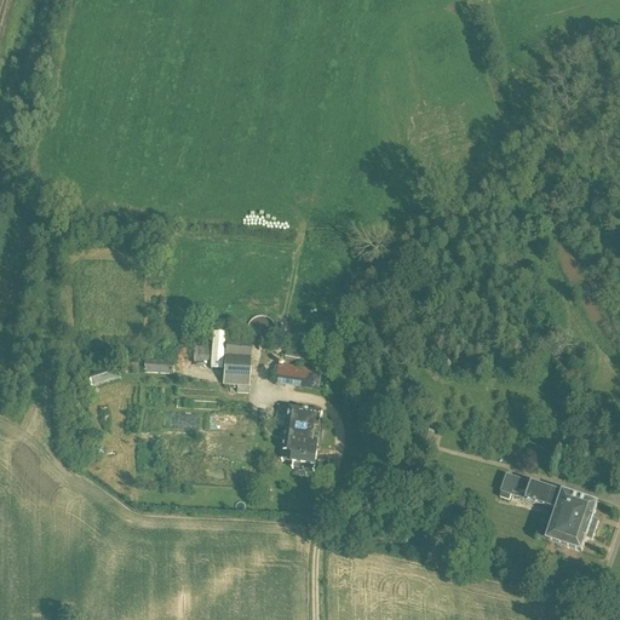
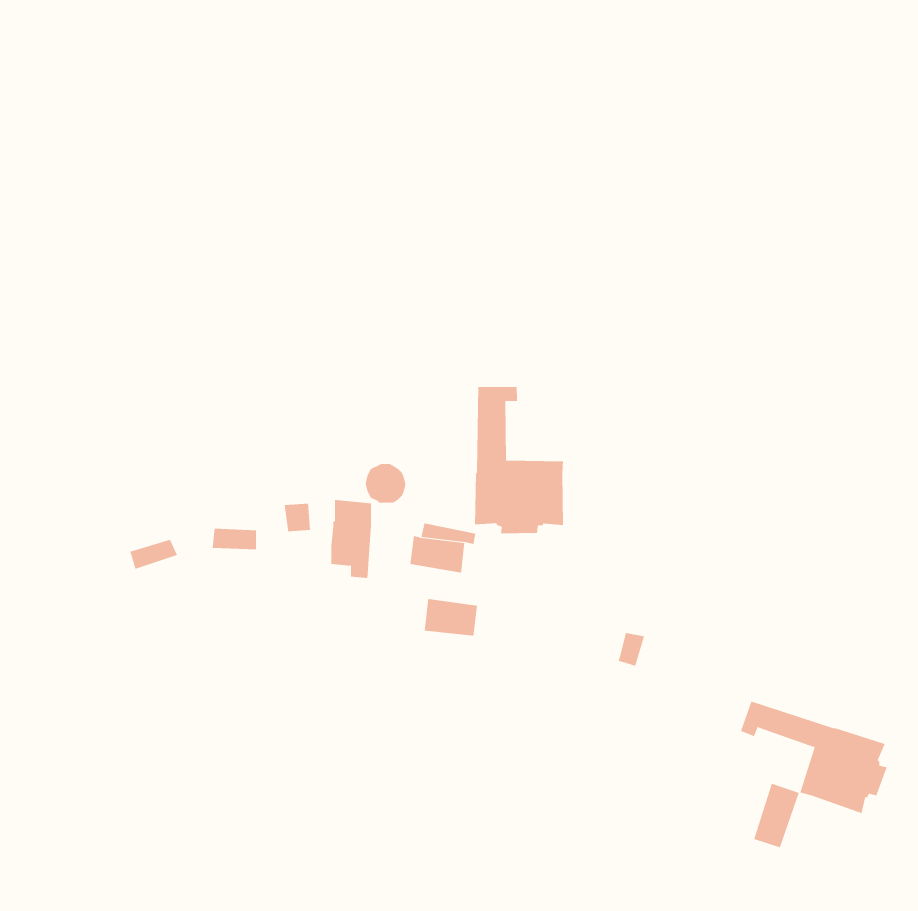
building: none -> [474,386,564,534]
building: [283,425,320,463] -> none
building: none -> [754,783,799,848]

